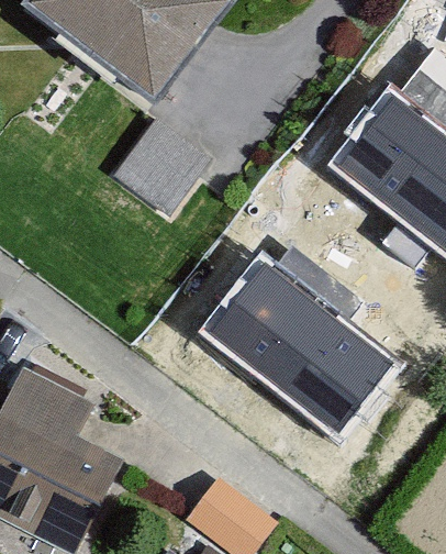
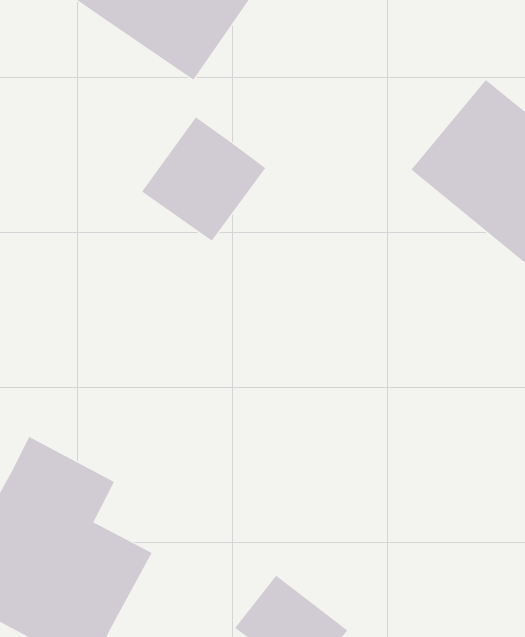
building: [197,253,392,434] -> none

